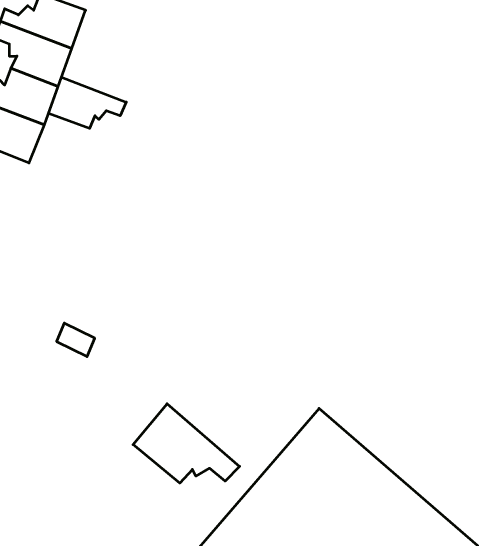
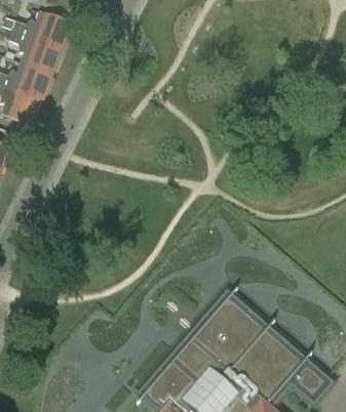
building: [48,77,126,128] -> none
building: [133,404,240,483] -> none

